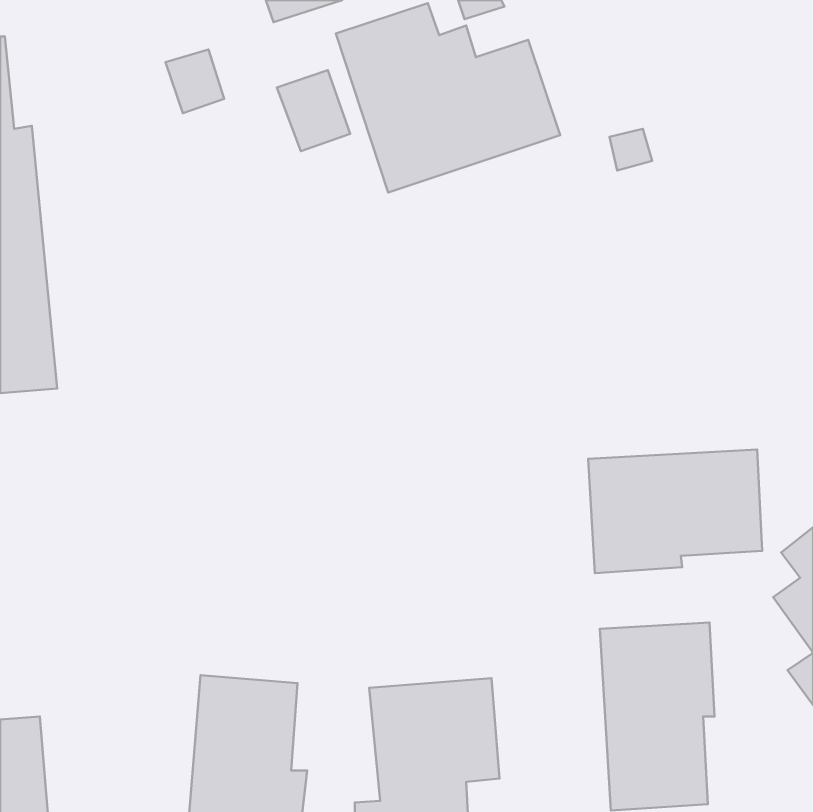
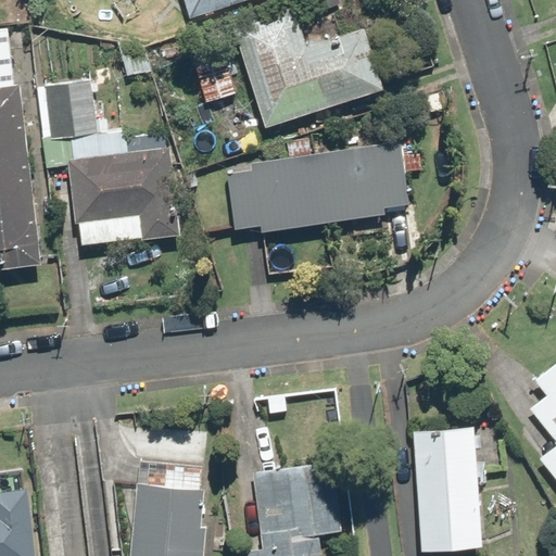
building: none -> [43,79,176,247]
building: none -> [225,137,420,236]
building: [588,450,762,573] -> none

